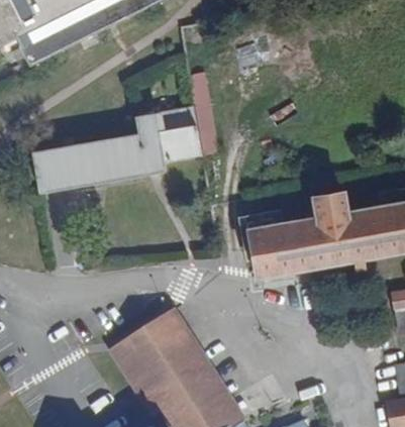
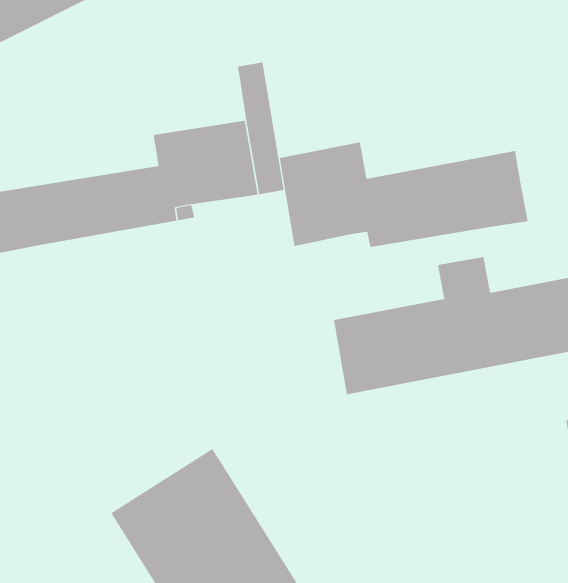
building: none -> [279,142,528,248]

